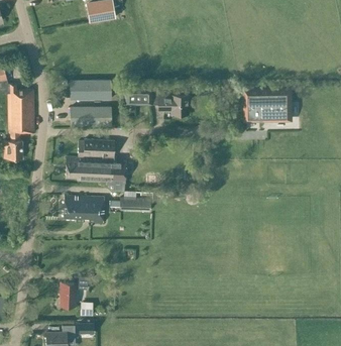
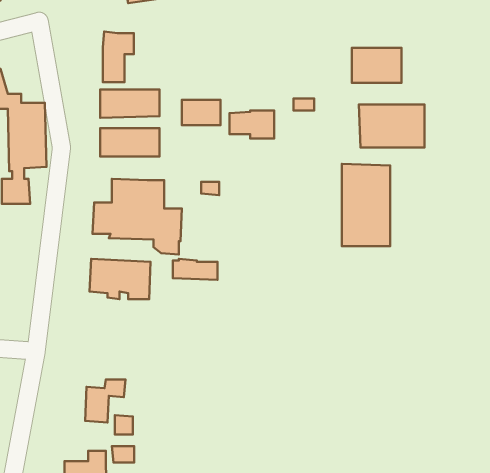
building: none -> [103,31,134,82]
building: none -> [352,48,401,83]
building: none -> [342,164,390,246]

